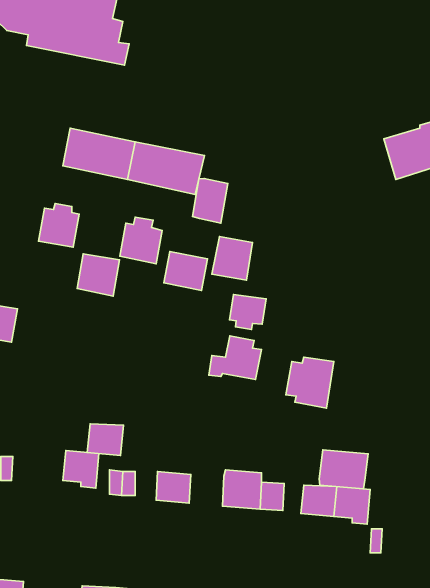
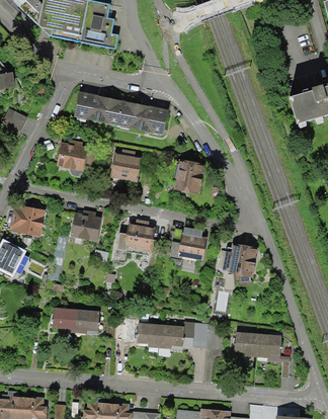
building: [192,178,228,223] -> none
building: [164,251,207,291] -> [125,226,154,252]
building: [77,254,119,296] -> [71,216,99,244]
building: [229,294,266,329] -> none
building: [87,424,123,455] -> [52,308,76,329]
building: [319,450,368,489] -> none
building: none -> [159,325,182,349]

